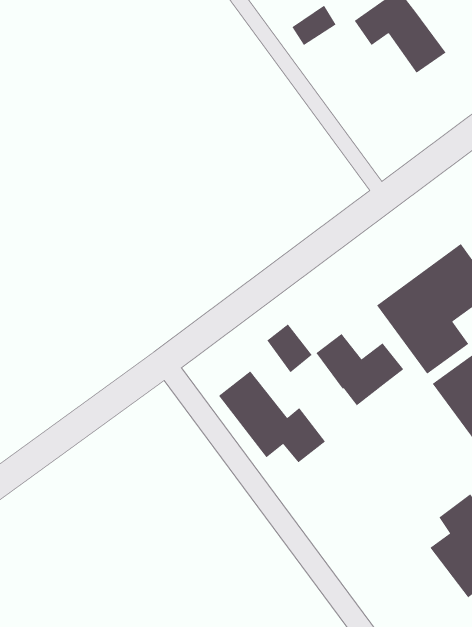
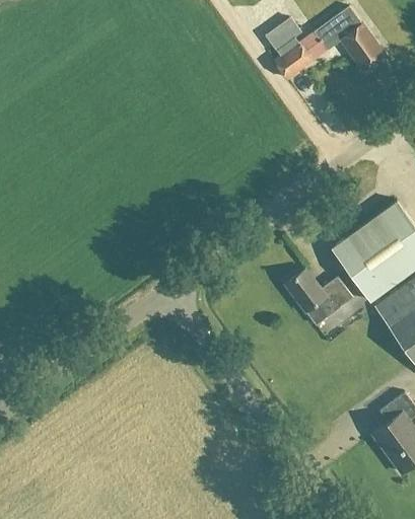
building: none -> [274,45,312,79]
building: [266,324,312,373] -> none
building: [218,371,326,463] -> none

